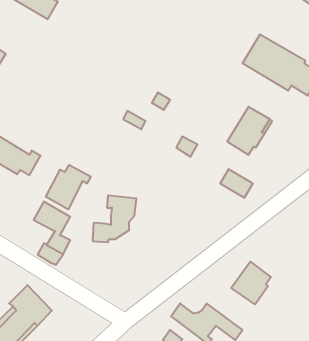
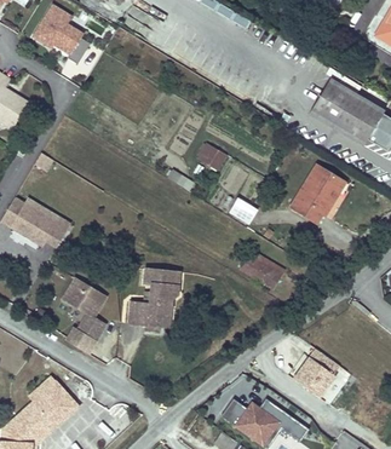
building: [46,165,91,209] -> none
building: [220,169,253,198] -> [246,252,284,286]

